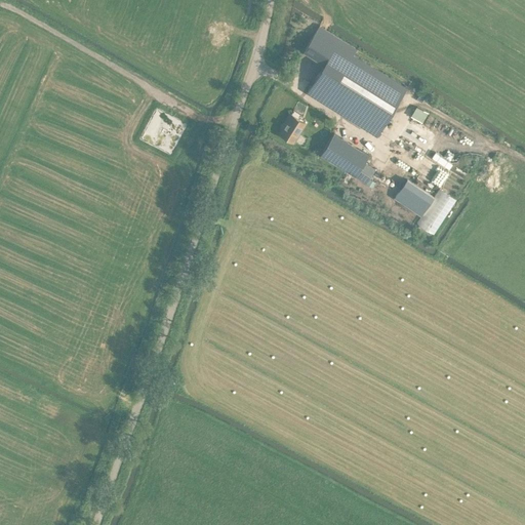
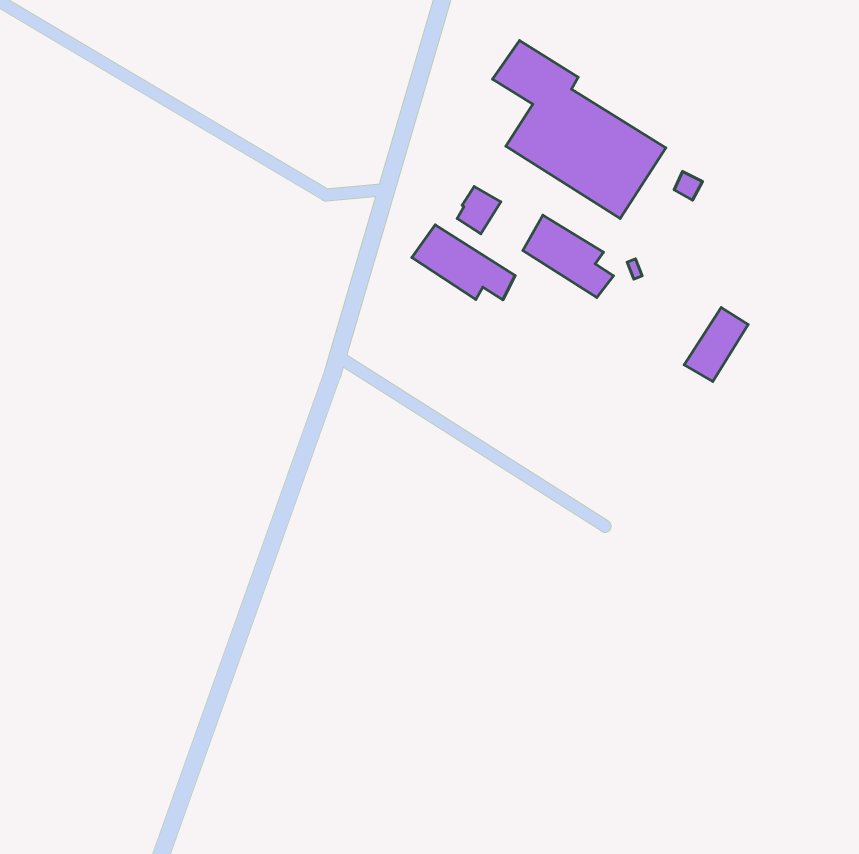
building: none -> [412,225,515,300]
building: [394,180,432,216] -> none

